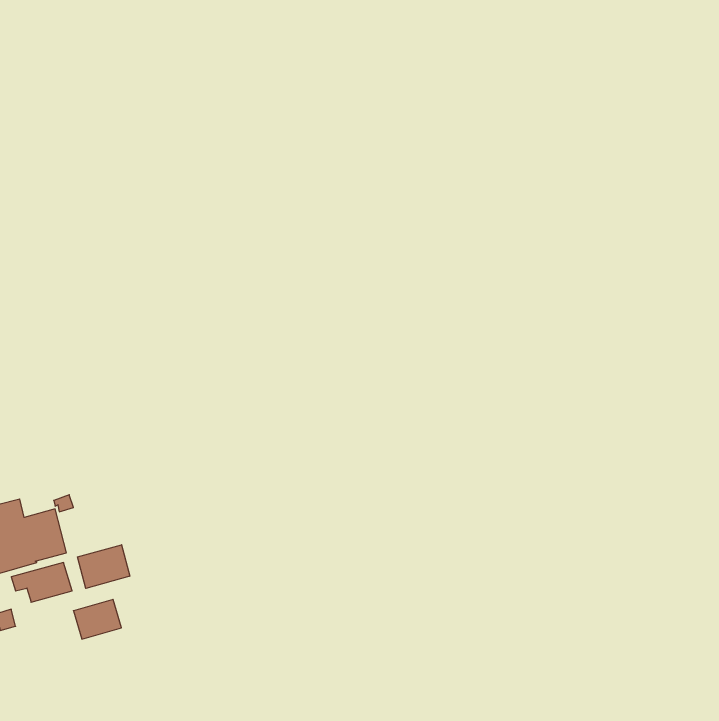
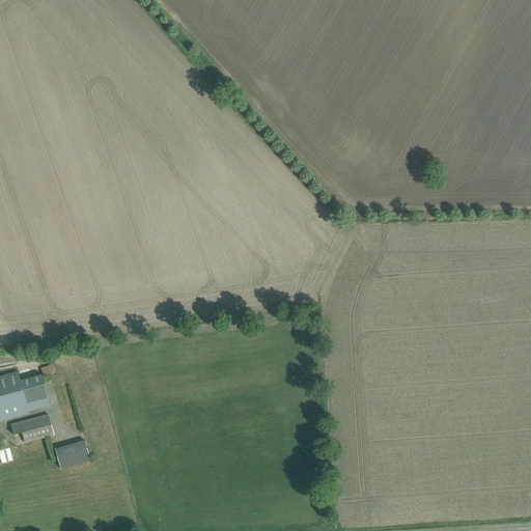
building: [78,545,130,588] -> none

